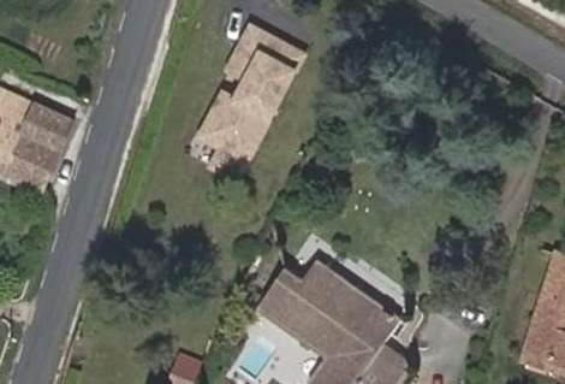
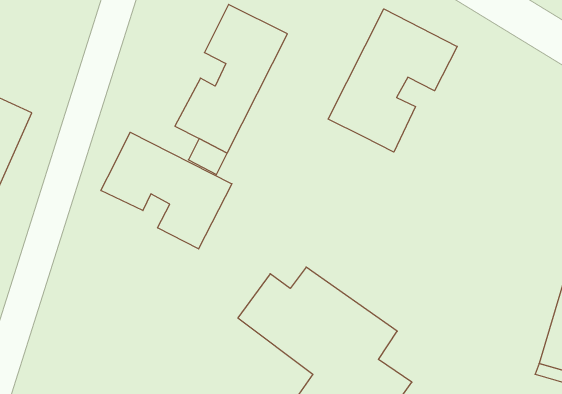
building: none -> [328,9,457,152]
building: none -> [101,132,232,249]

